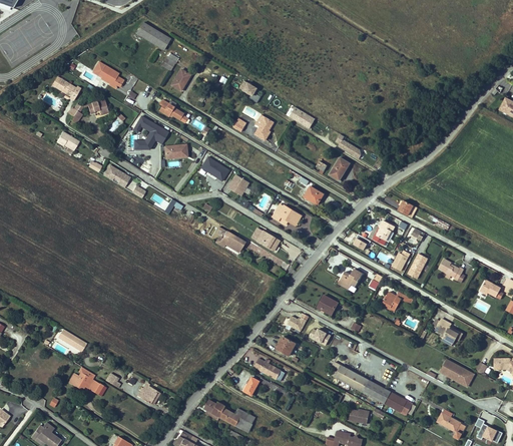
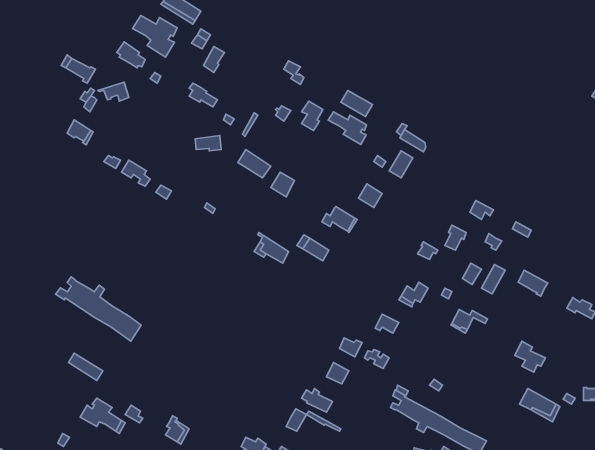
building: none -> [132,16,177,57]
building: [132,116,169,150] -> none
building: none -> [328,112,367,145]
building: none -> [56,277,141,341]

